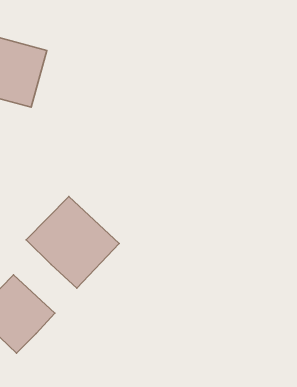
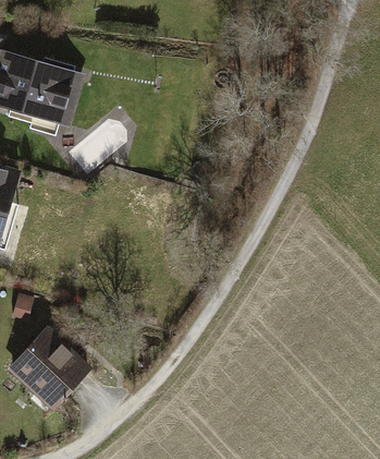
building: [26,196,119,288] -> none

